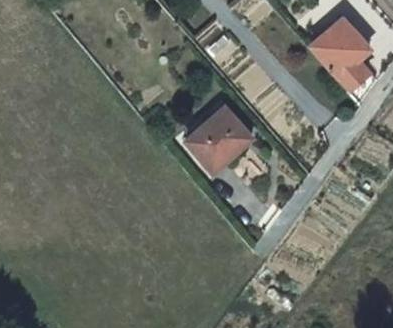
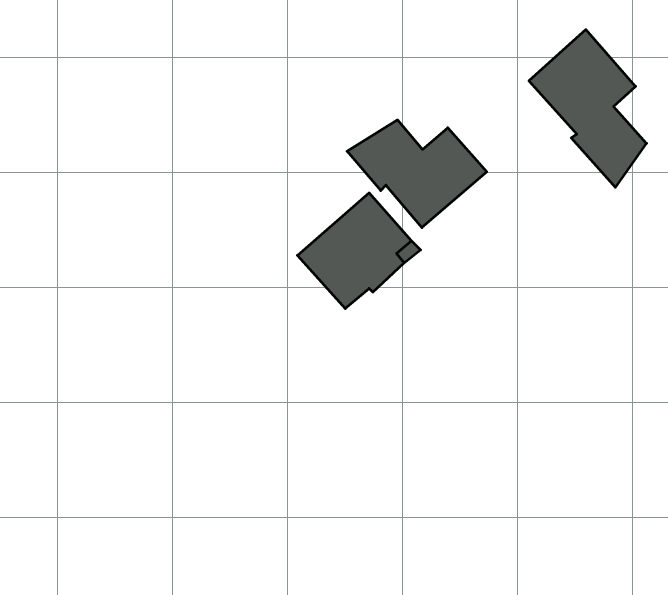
building: none -> [347,120,487,228]

